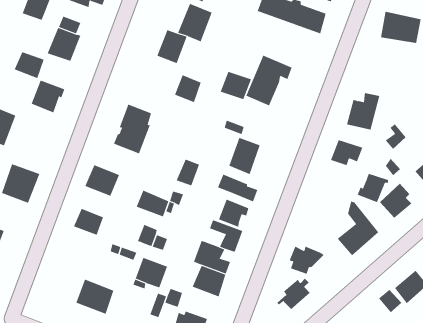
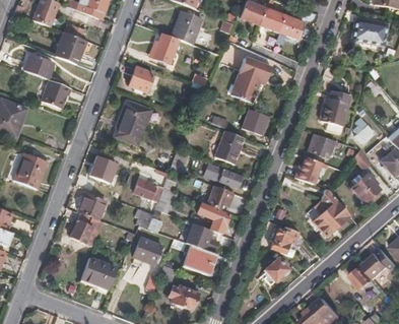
building: [220,71,252,100] -> [241,109,269,134]
building: [174,74,202,103] -> [128,66,152,91]
building: [357,173,389,203] -> [294,156,323,183]
building: none -> [70,212,101,247]

